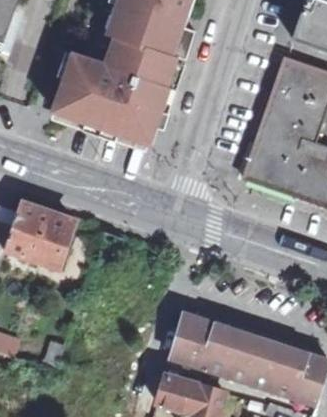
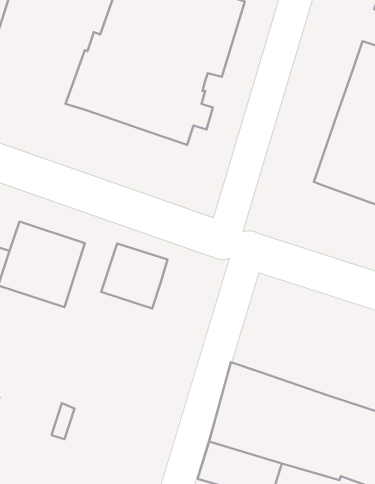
building: none -> [101,243,168,309]

